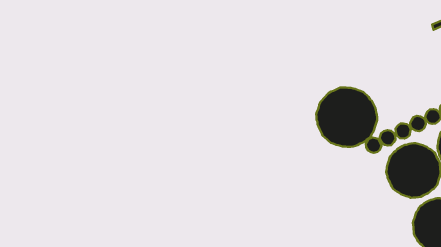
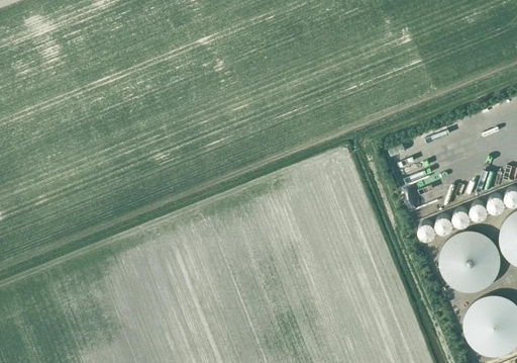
building: [316,87,377,147] -> none

